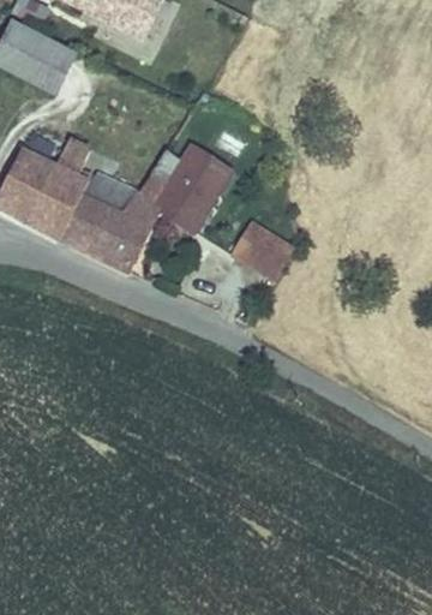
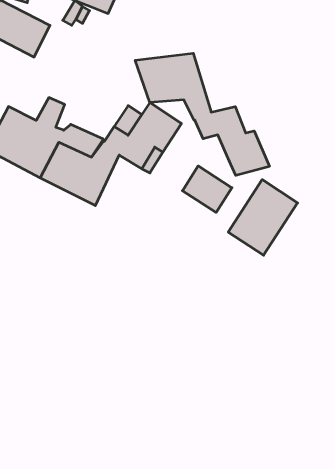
building: none -> [135,53,269,175]
building: none -> [228,180,298,255]

